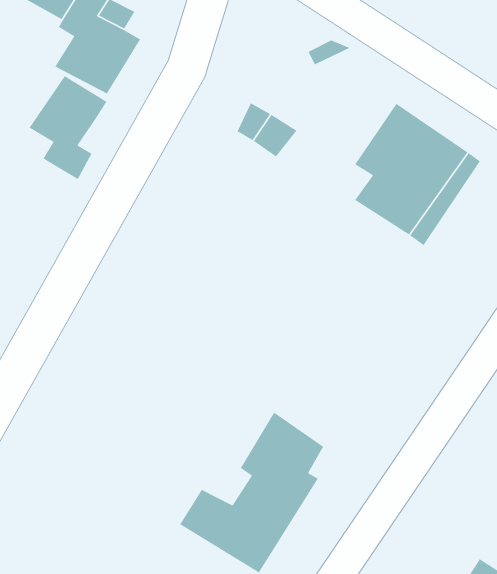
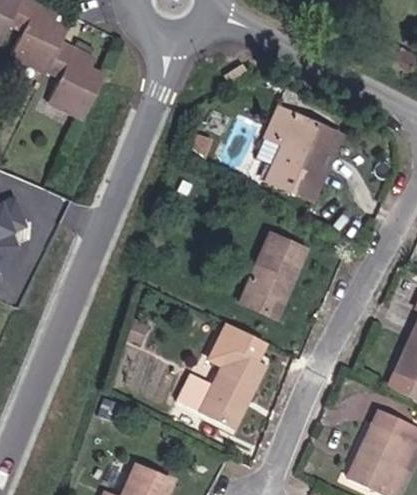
building: [29,75,108,180] -> none
building: none -> [237,230,304,313]

